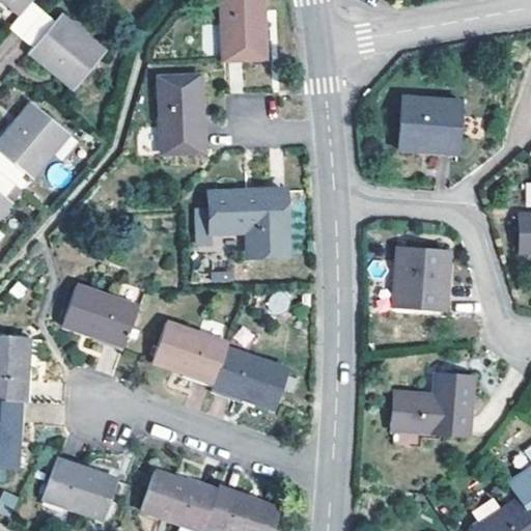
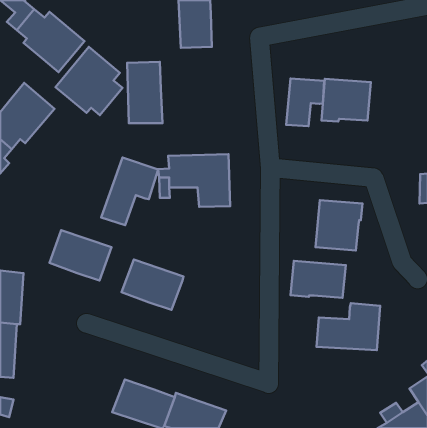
building: none -> [55,47,123,115]
building: none -> [286,79,324,126]
building: none -> [101,158,158,225]
building: none -> [290,261,346,298]
building: [213,347,288,410] -> none
building: [41,458,118,520] -> none

